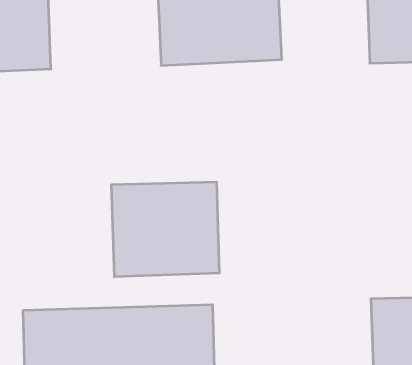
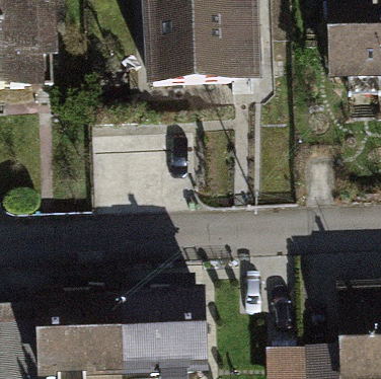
building: [112,182,219,277] -> none

